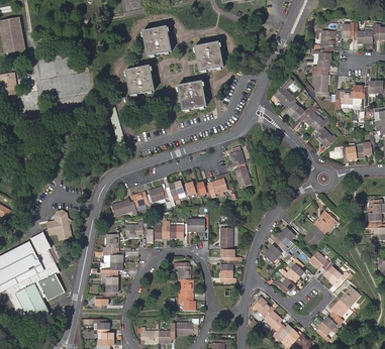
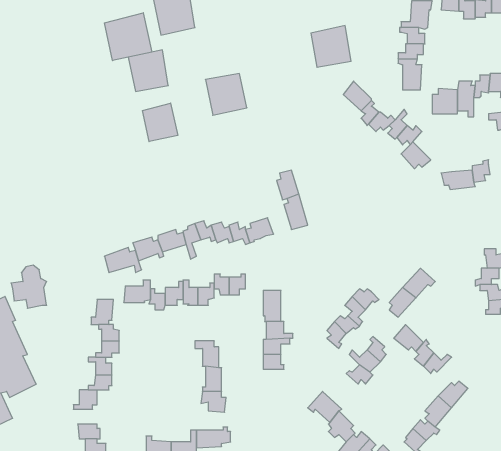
building: none -> [105,13,152,61]
building: [197,40,224,69] -> [311,26,351,67]
building: none -> [142,103,178,142]

